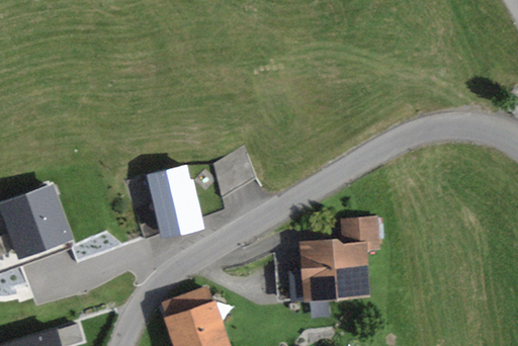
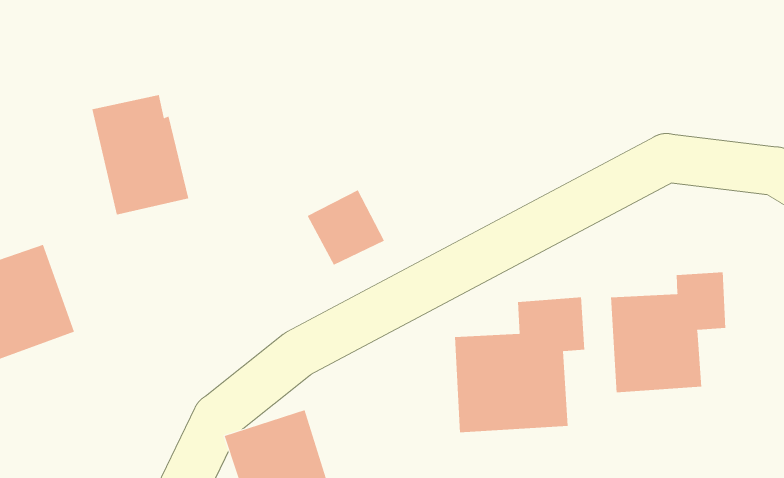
building: [146,167,205,241] -> [91,94,189,215]
building: none -> [610,272,726,393]

